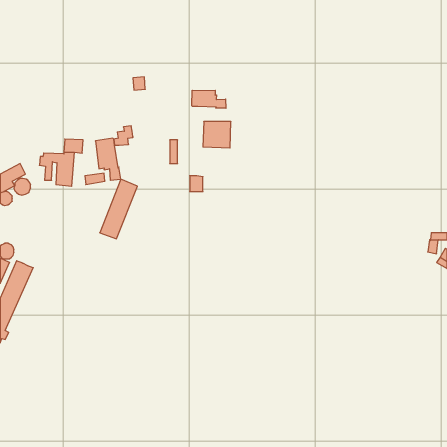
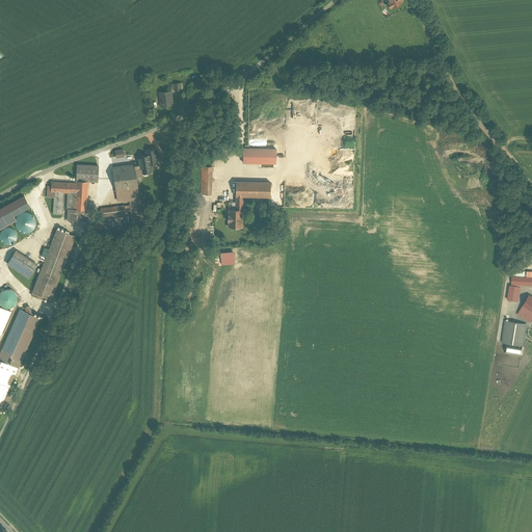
building: [192,90,226,108] -> none
building: none -> [234,181,269,210]
building: [100,179,137,239] -> [29,230,74,300]
building: none -> [5,250,35,278]
building: none -> [502,320,527,346]

